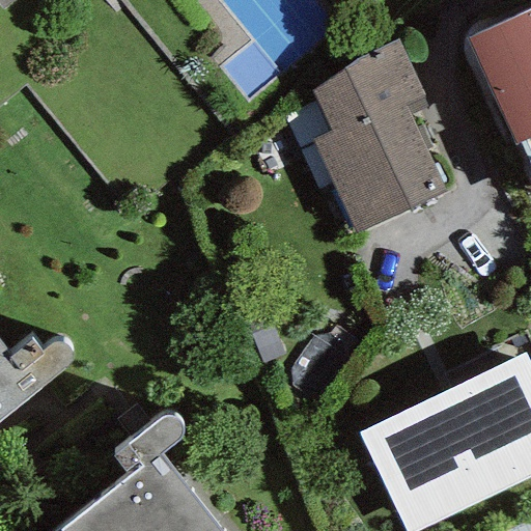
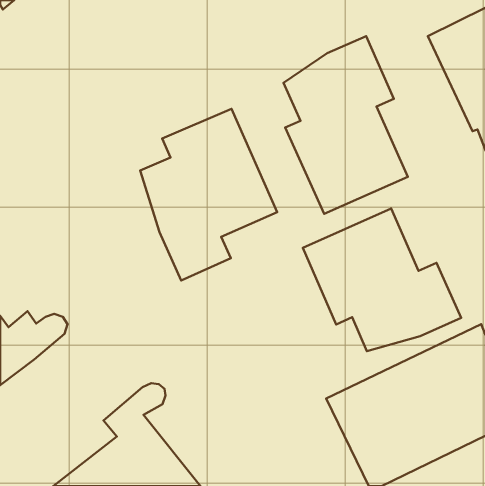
building: none -> [140,109,277,280]
building: none -> [303,209,461,351]

